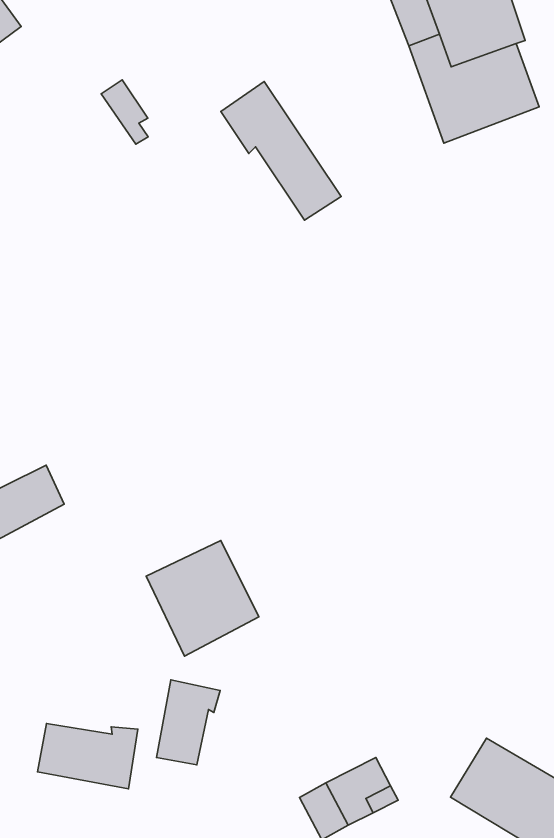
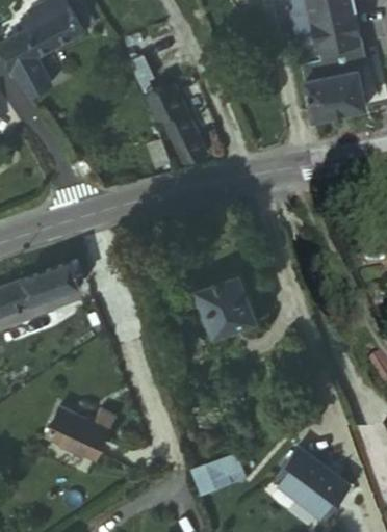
building: [221,82,341,220] -> [147,88,207,167]
building: [146,540,259,656] -> [197,277,256,339]
building: [156,680,220,765] -> none

